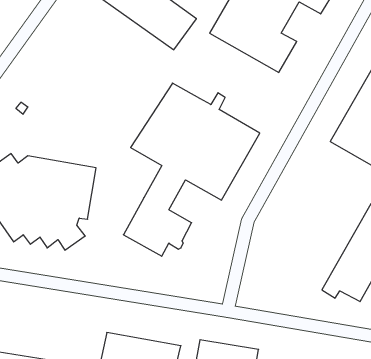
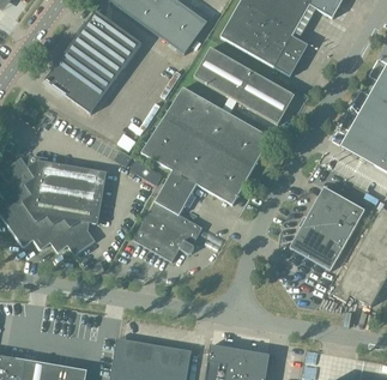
building: none -> [46,10,141,113]
building: none -> [194,47,295,123]
building: none -> [290,186,364,270]

